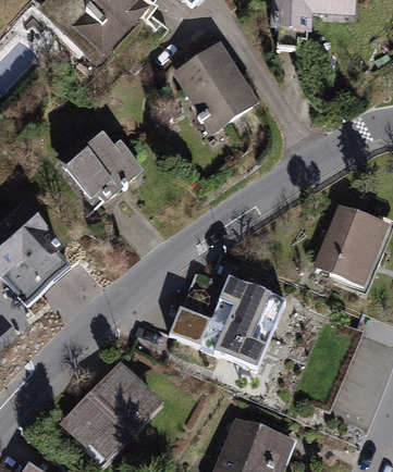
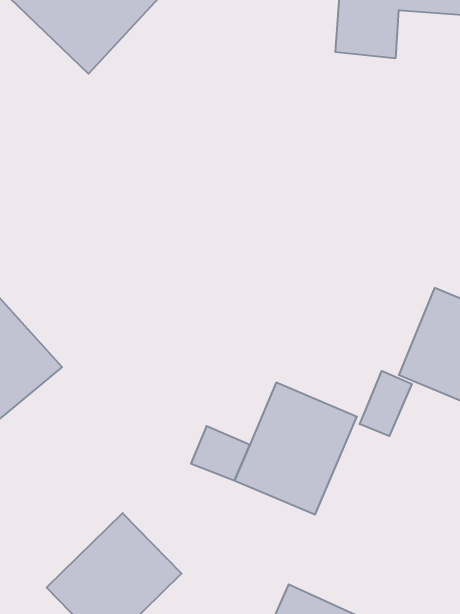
building: [170,40,259,136] -> none
building: [57,121,145,208] -> none
building: none -> [360,371,412,436]

